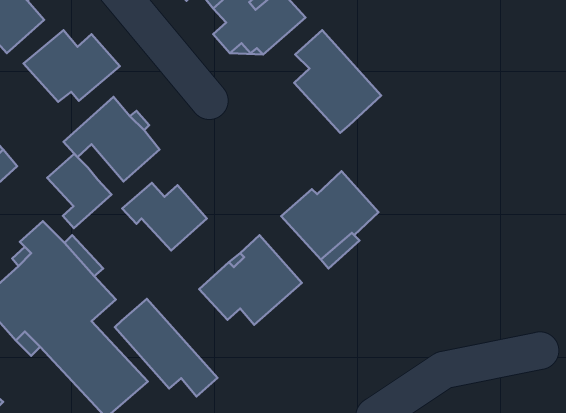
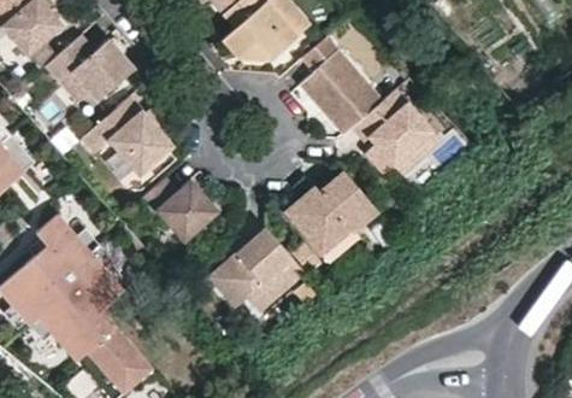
building: none -> [348,83,443,175]
building: [47,154,111,228] -> none
building: [115,299,217,397] -> none

